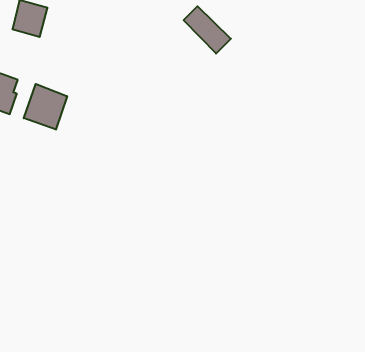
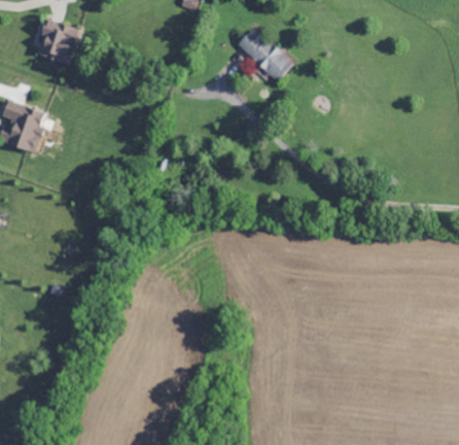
building: [24,84,67,130] -> none

